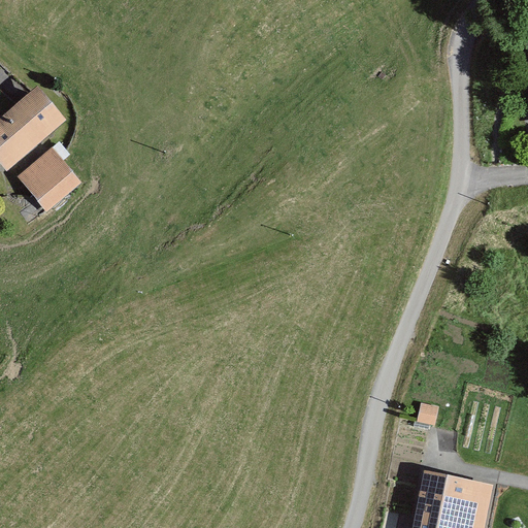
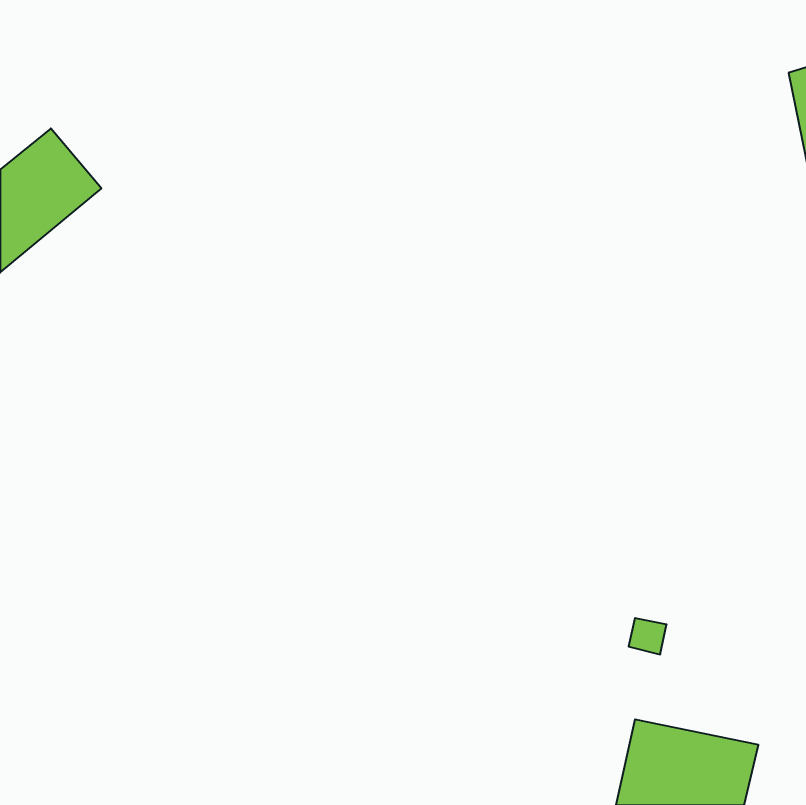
building: [15,146,85,216] -> none

